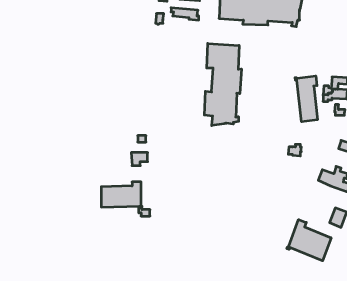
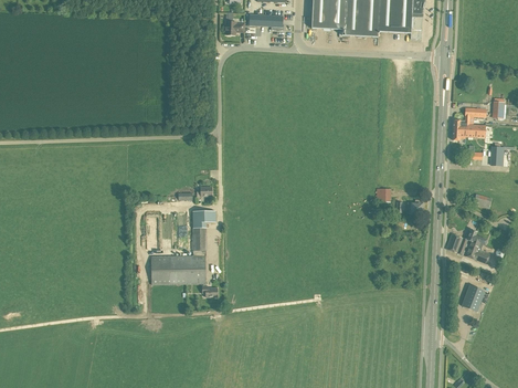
building: [204,43,241,126] -> none
building: [295,76,317,122] -> none
building: [287,220,331,261] -> none

